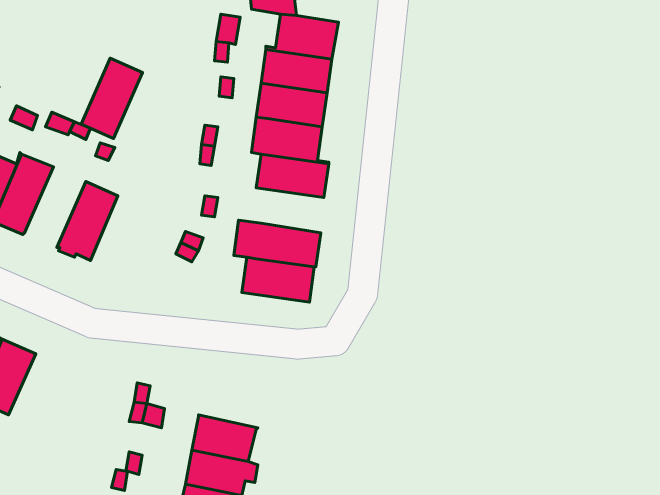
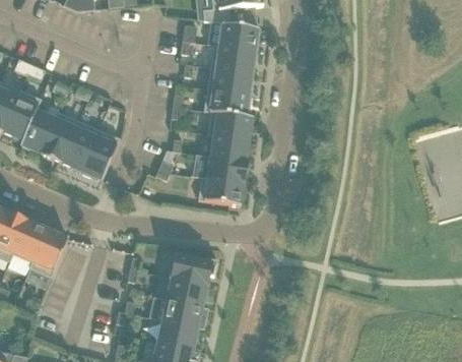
building: [81,58,142,139] -> [60,119,98,170]
building: none -> [206,132,249,161]
building: none -> [170,253,216,284]

